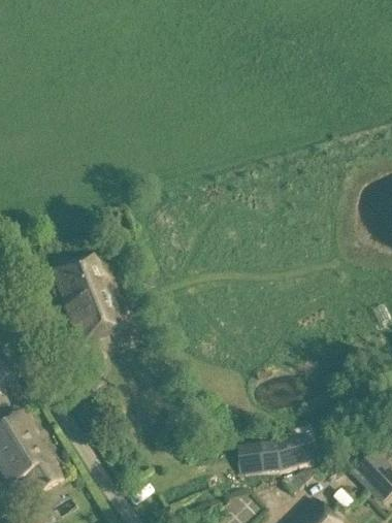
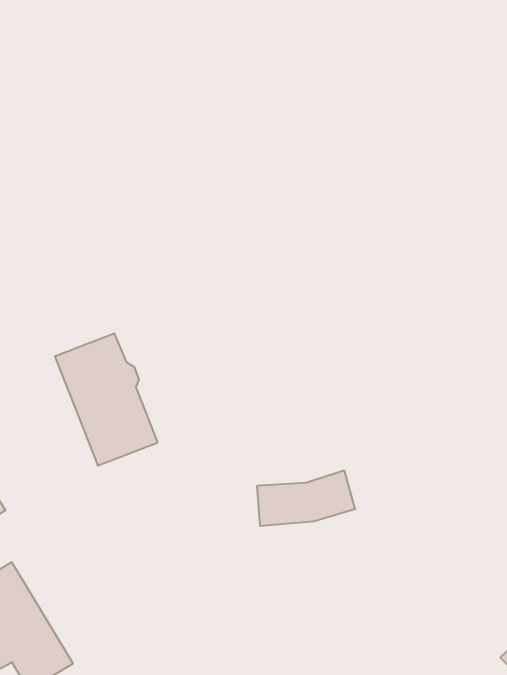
building: [240,435,306,472] -> [257,471,355,526]

